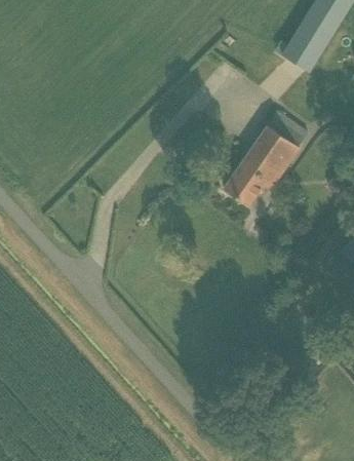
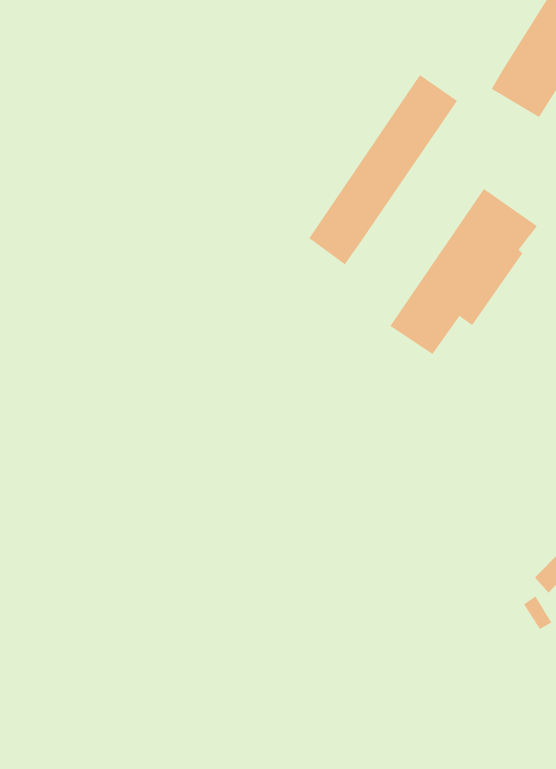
building: none -> [308,75,458,265]

